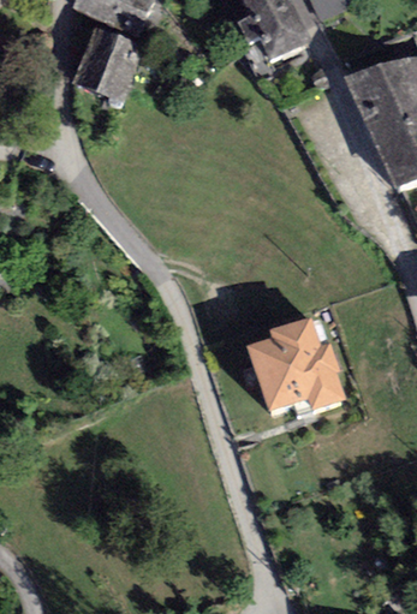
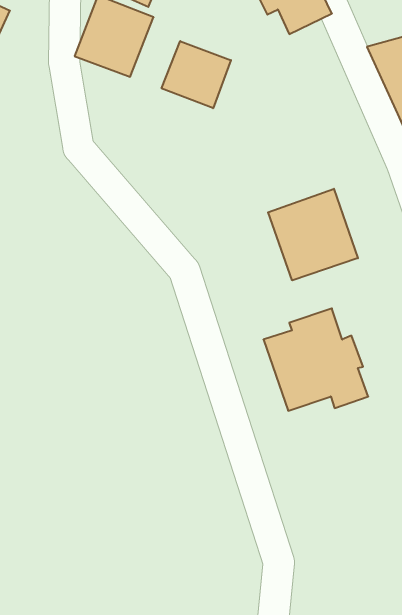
building: none -> [162,41,231,108]
building: none -> [268,189,358,280]

